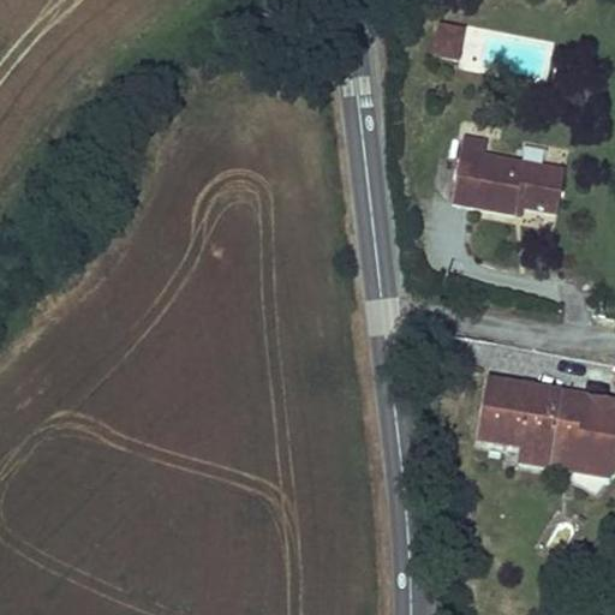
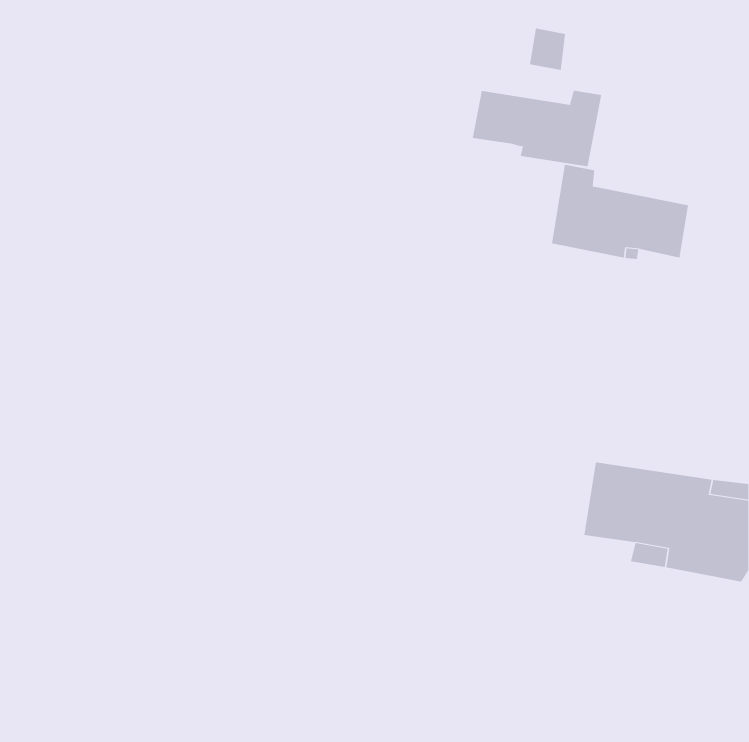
building: none -> [472,90,602,167]

